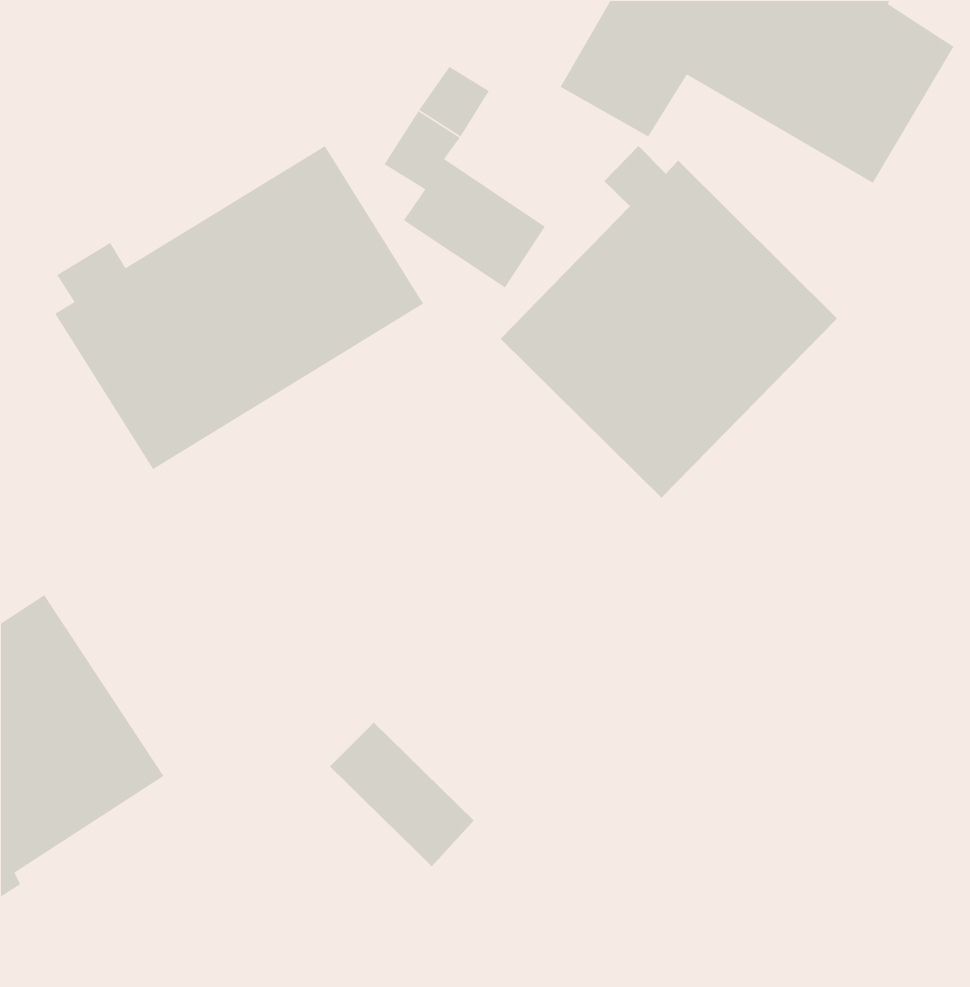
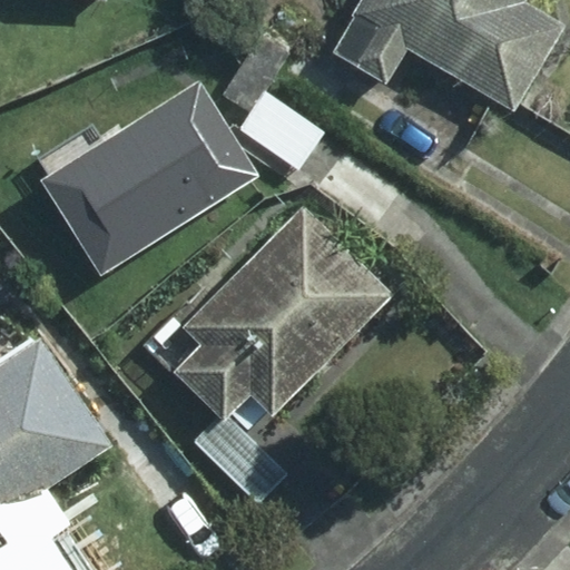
building: [500,145,838,498] -> none
building: none -> [176,210,386,416]

